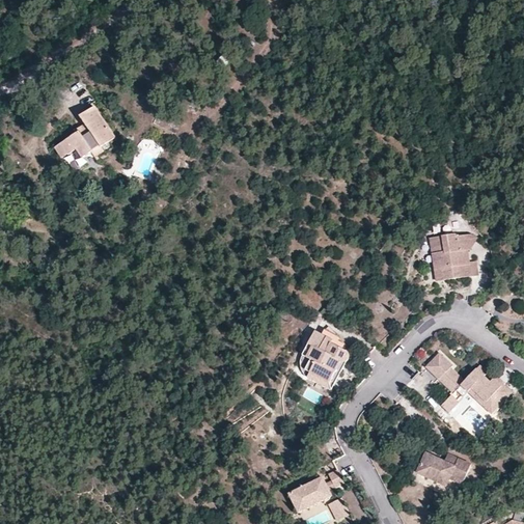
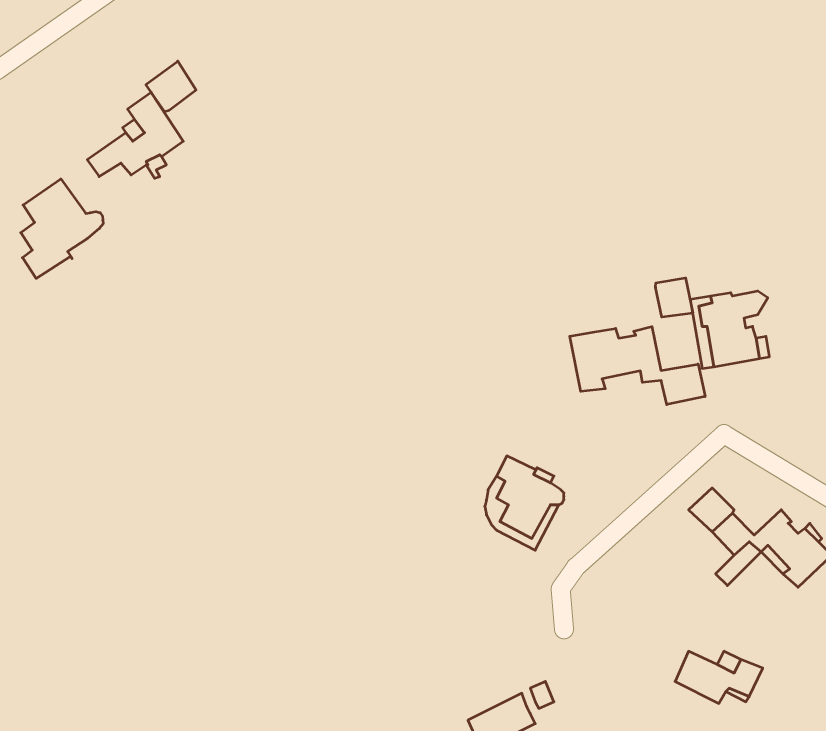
building: none -> [146,61,196,112]
building: none -> [21,179,103,278]
building: none -> [656,278,693,317]
building: none -> [570,327,705,405]

